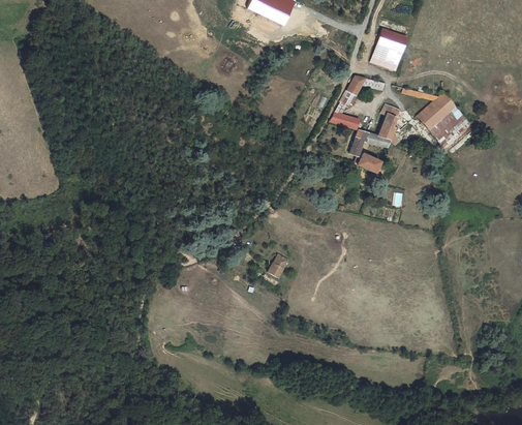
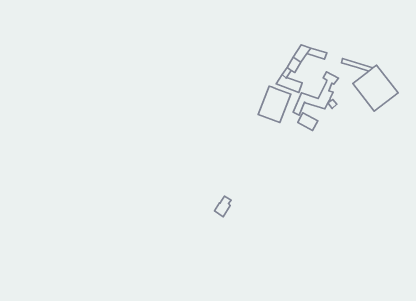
building: [371,28,406,69] -> none
building: none -> [258,86,291,122]

